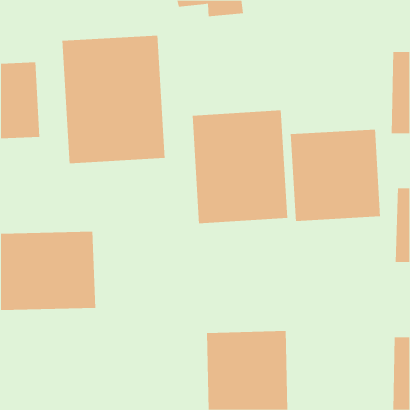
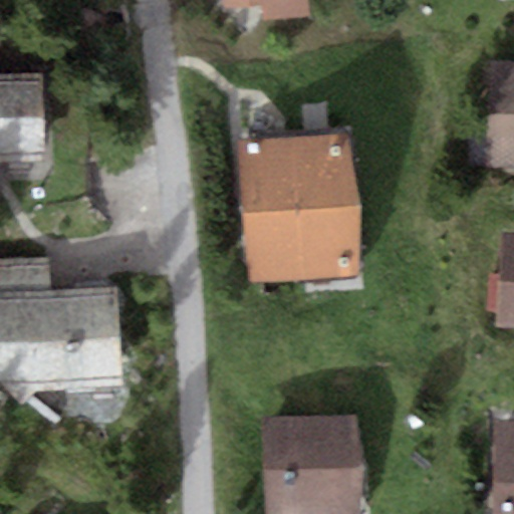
building: [62,35,165,164] -> none
building: [290,129,381,222] -> none

